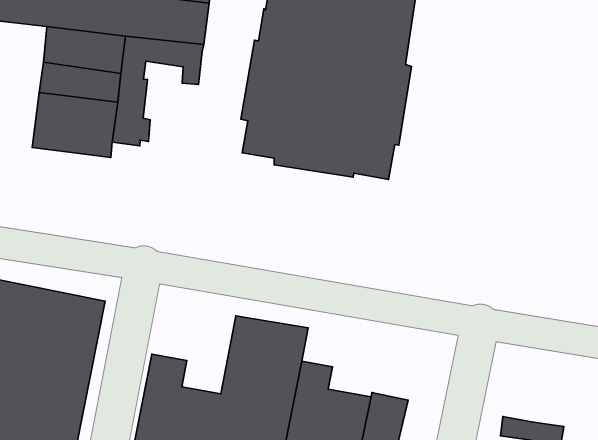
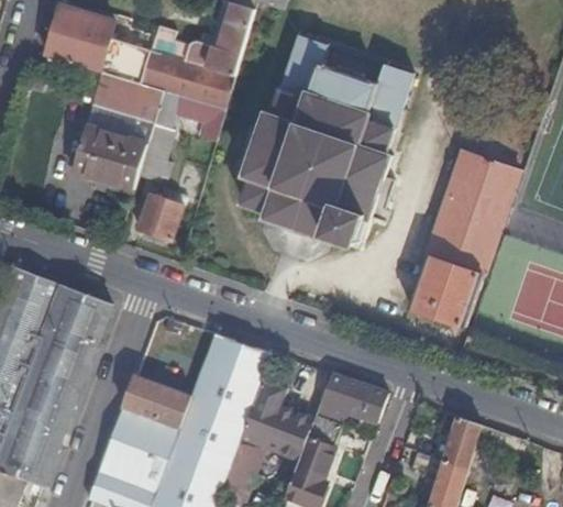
building: none -> [408,151,519,327]
building: none -> [137,196,188,242]
building: none -> [314,375,387,428]
building: none -> [442,418,478,471]

